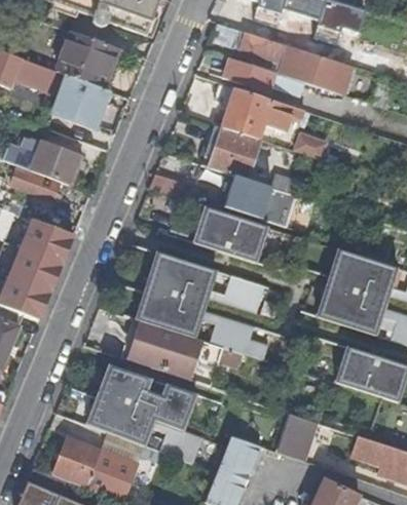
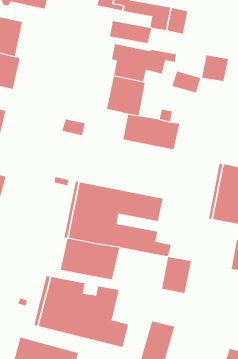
building: [313,57,350,93] -> [201,55,229,82]
building: [194,207,267,263] -> none
building: [275,412,318,460] -> [161,256,192,293]

